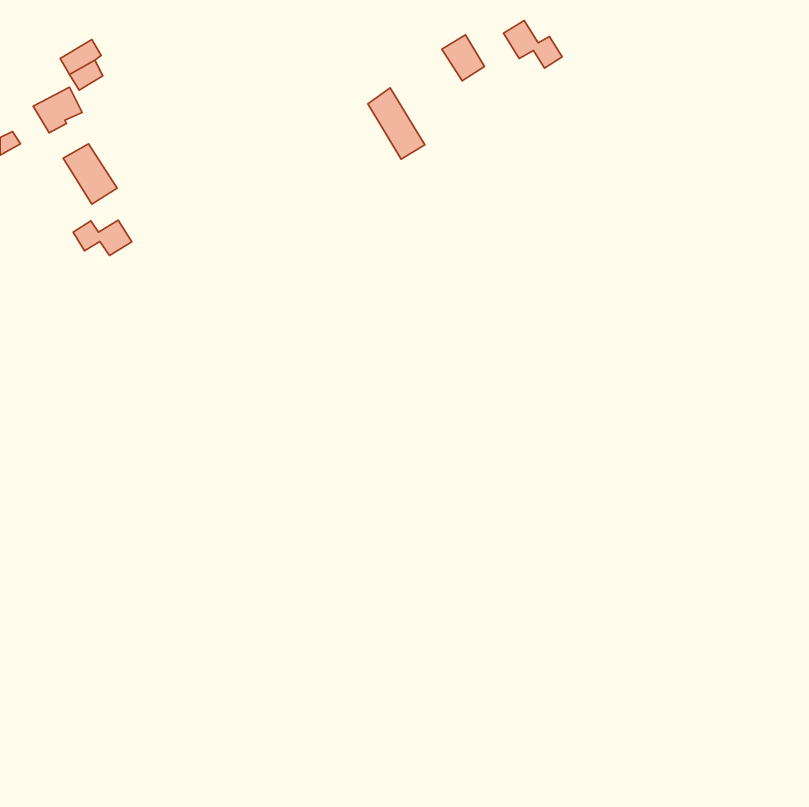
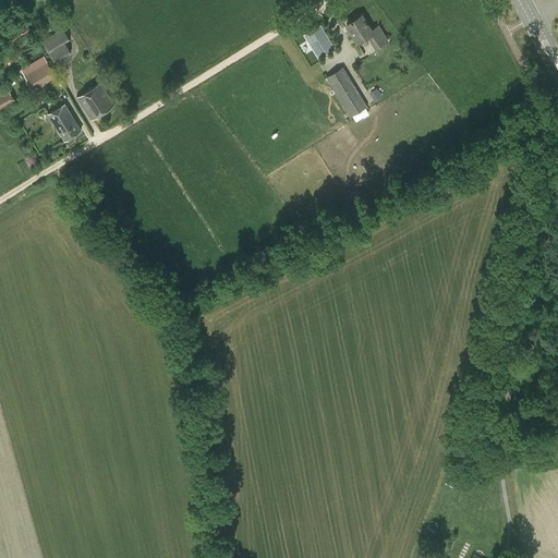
building: [368,88,425,159] -> [328,68,367,117]
building: none -> [77,82,113,118]
building: [73,220,132,256] -> none

